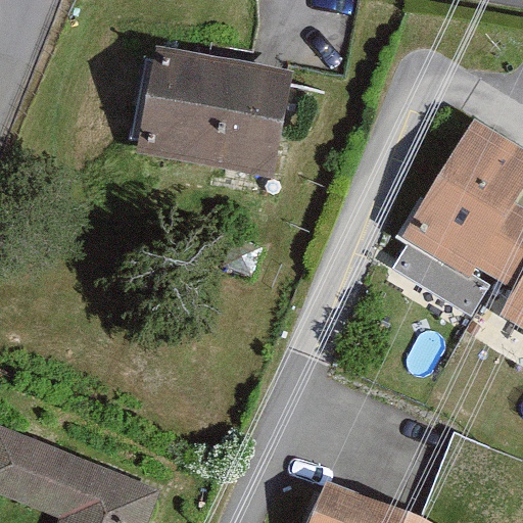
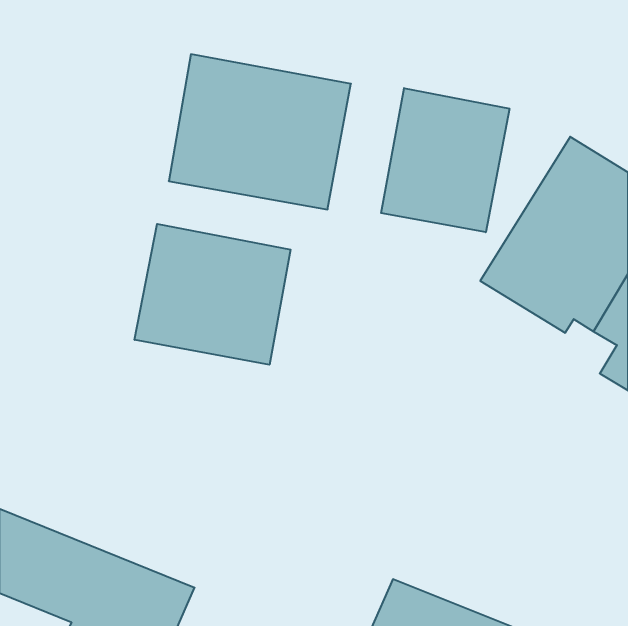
building: none -> [381,88,509,232]
building: none -> [135,224,291,365]

